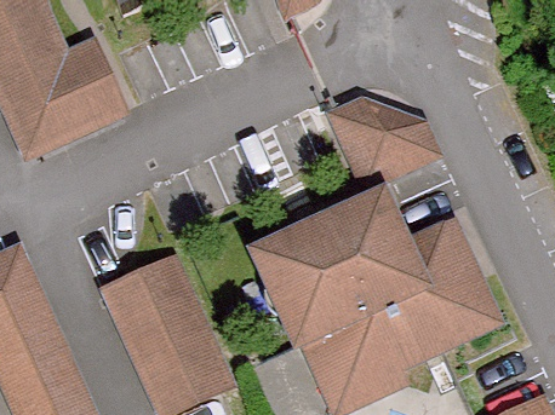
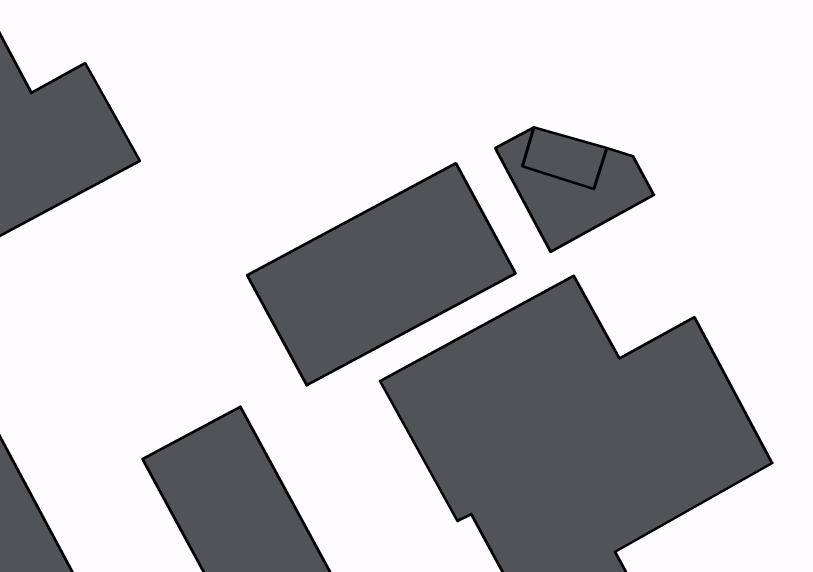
building: none -> [247,163,515,385]

